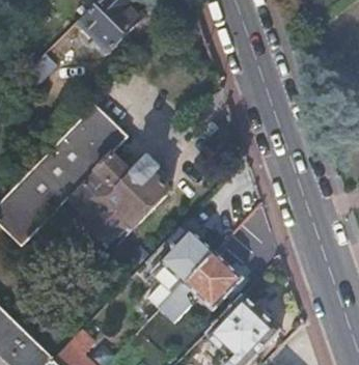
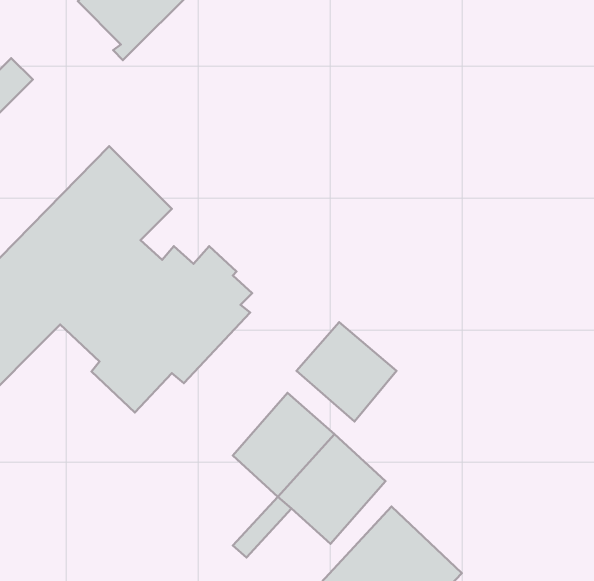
building: none -> [297,322,396,422]

